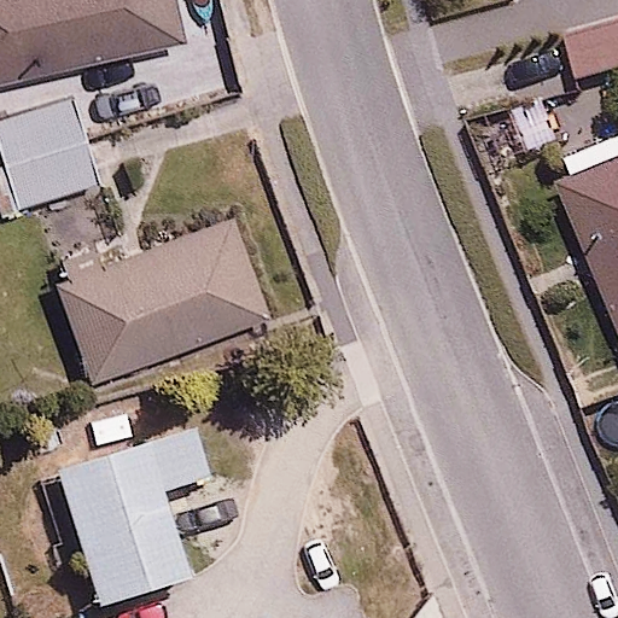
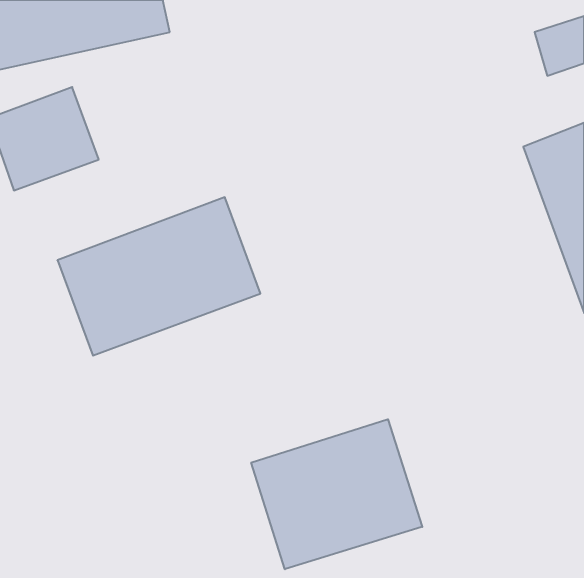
building: [48,404,209,607] -> none
building: none -> [251,419,422,569]

